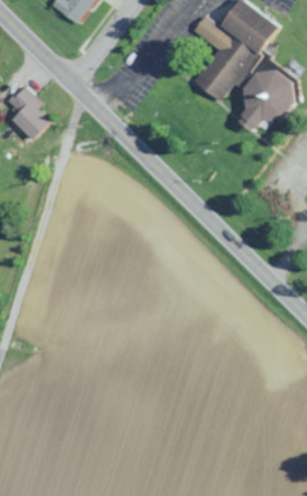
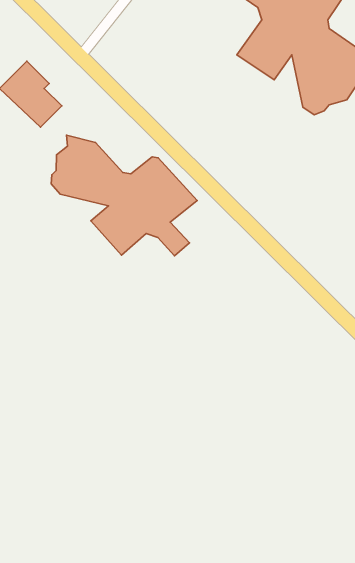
building: none -> [51,135,197,256]

